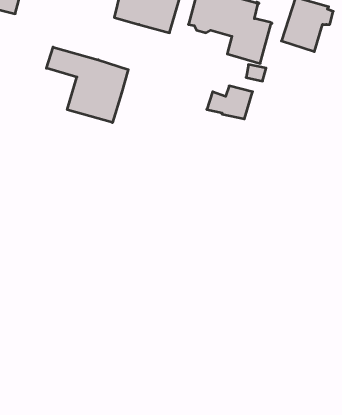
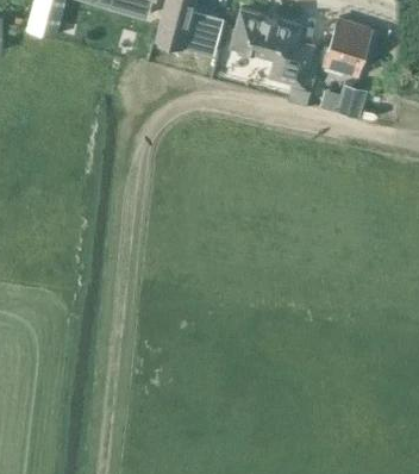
building: [46,47,128,123] -> none
building: [207,86,253,119] -> [320,85,367,118]

